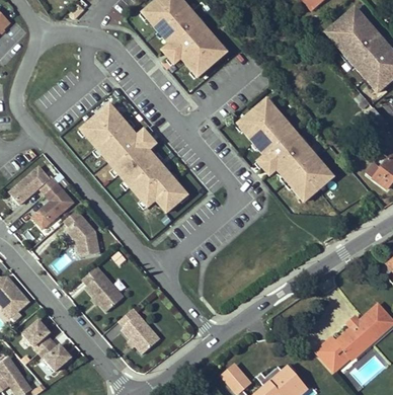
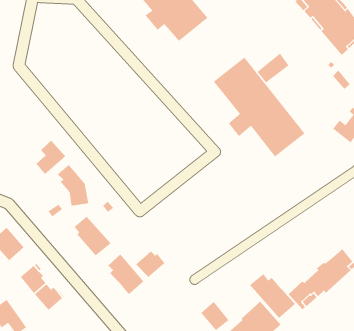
building: none -> [256,53,289,84]
building: [78,99,190,226] -> none
building: [9,168,57,205] -> none
building: none -> [135,250,166,278]
building: none -> [249,273,296,319]

